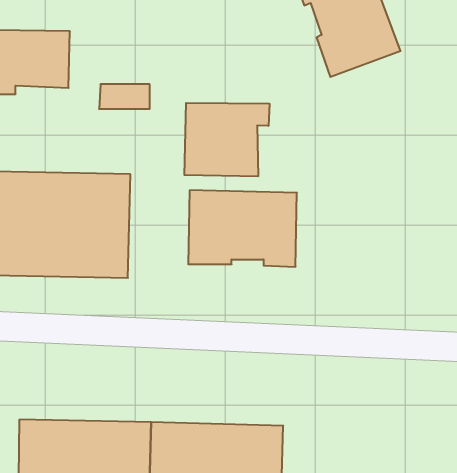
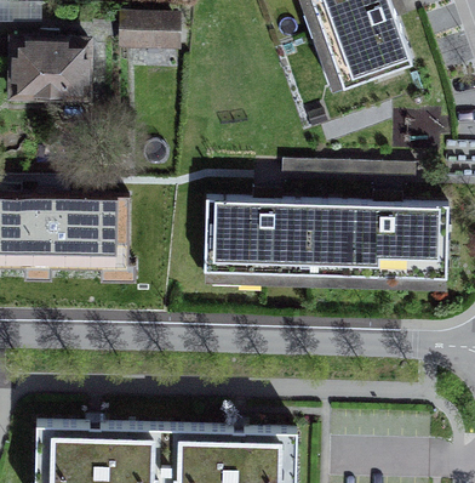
building: [99,84,150,109] -> [122,21,172,45]
building: [184,103,269,176] -> none
building: none -> [308,203,446,279]

